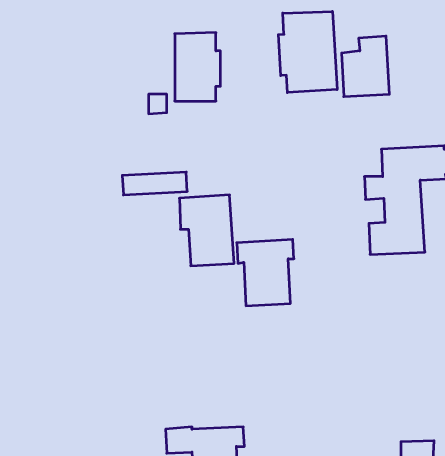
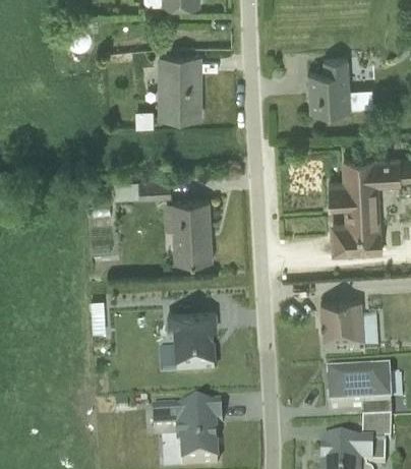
building: [278,11,337,93] -> none
building: [237,239,294,306] -> [166,311,217,370]
building: none -> [321,301,363,351]
building: none -> [326,372,391,418]

